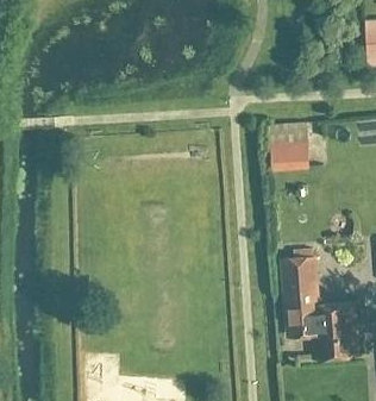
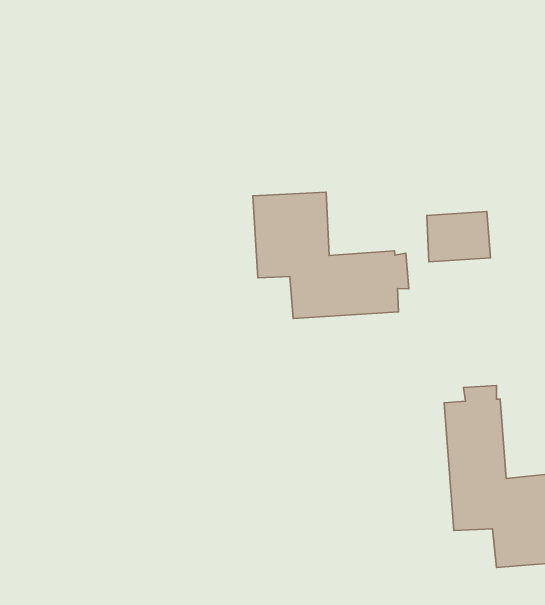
building: none -> [253,192,409,318]

